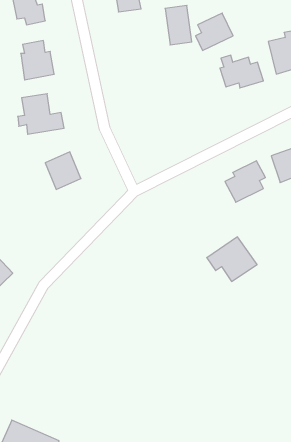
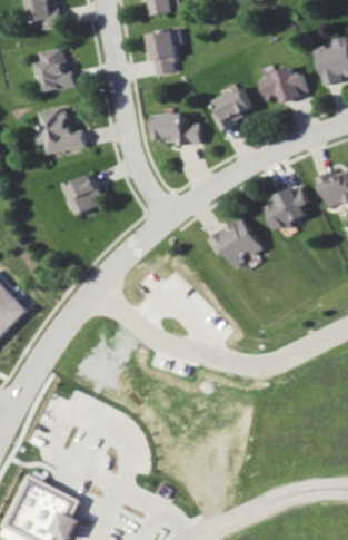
building: [165,5,192,45] -> [148,29,178,73]
building: [196,13,233,50] -> [212,86,255,128]
building: none -> [155,112,201,143]
building: [207,237,257,281] -> [208,216,265,266]

